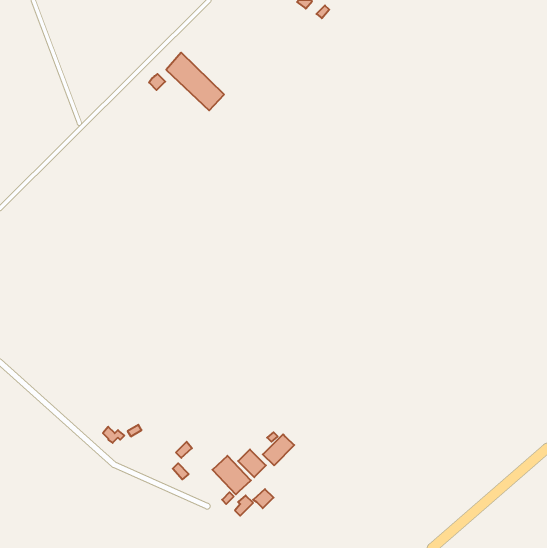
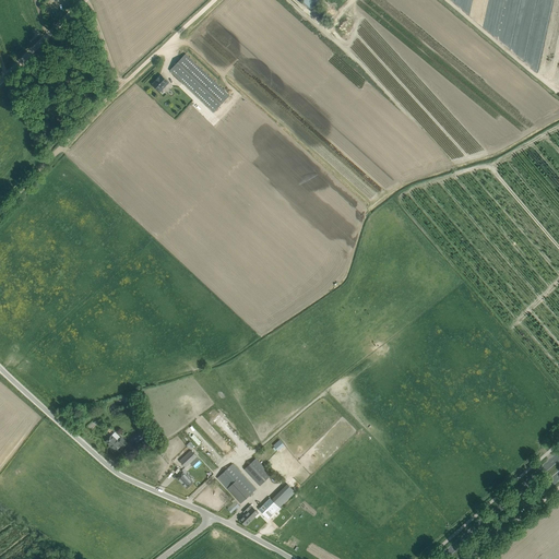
building: [263,434,294,465] -> none

